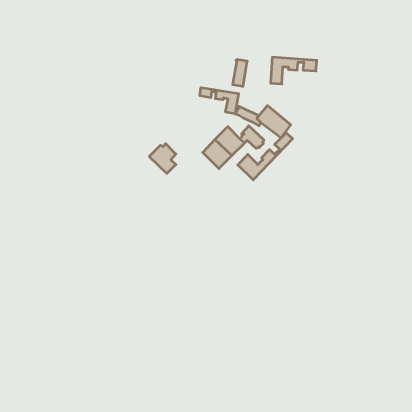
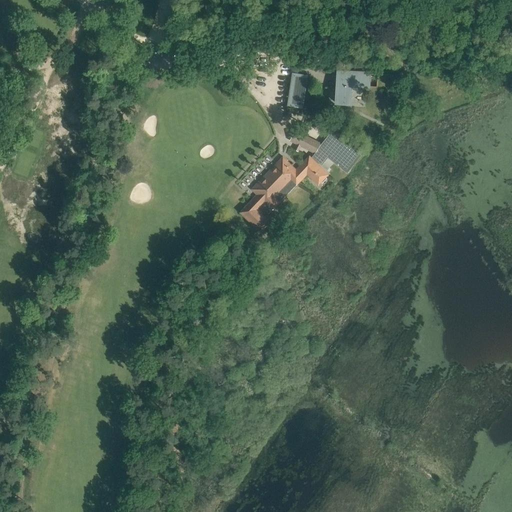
building: [200,88,239,114] -> none
building: [238,133,293,180] -> none
building: [149,144,176,173] -> [238,196,271,233]

